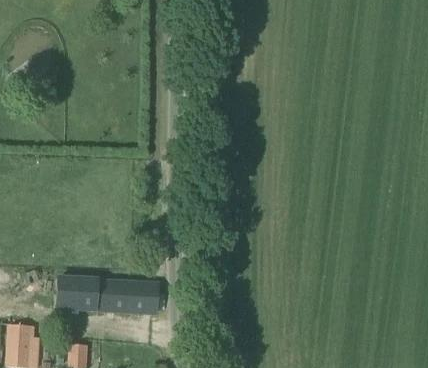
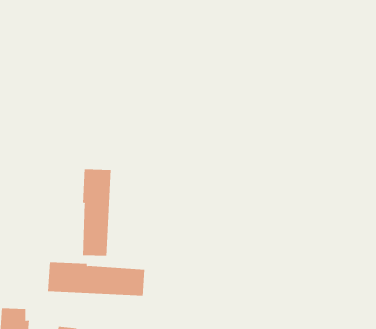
building: none -> [83,169,111,257]

